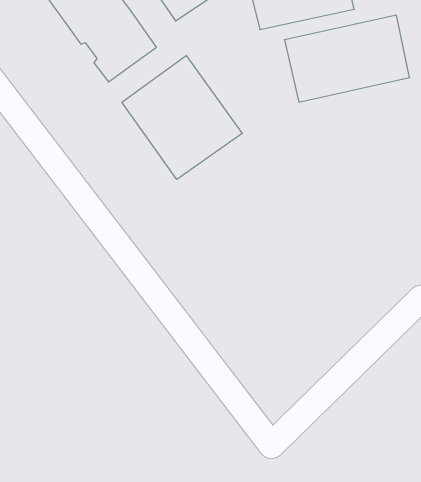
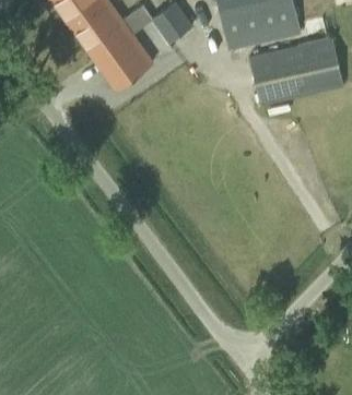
building: [122,55,242,179] -> none

